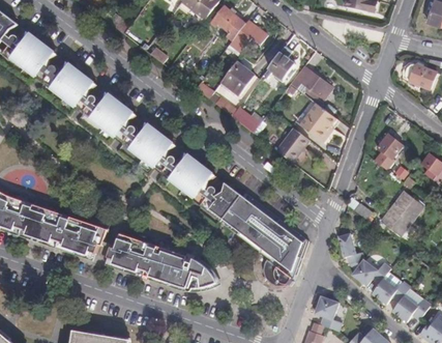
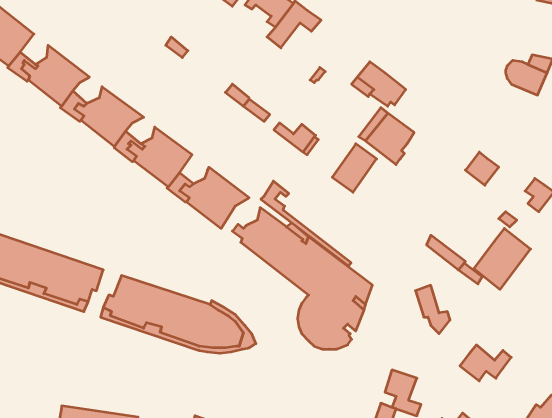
building: [268,49,295,81] -> none
building: [219,63,253,97] -> none
building: [190,180,258,244] -> [261,181,351,266]
building: [352,260,390,287] -> none
building: [391,296,430,323] -> none

